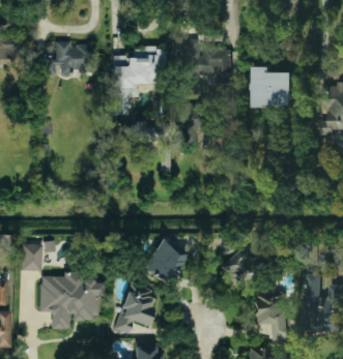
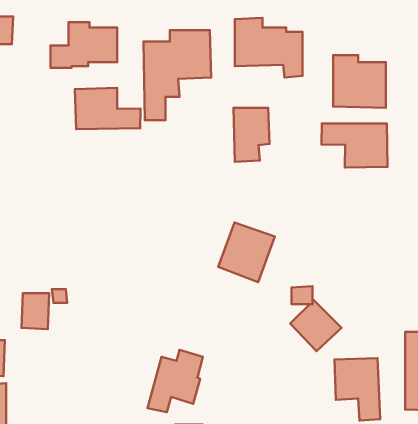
building: none -> [75,88,140,129]
building: none -> [321,123,387,167]
building: [144,240,187,285] -> [218,223,275,282]
building: [39,271,103,329] -> none

